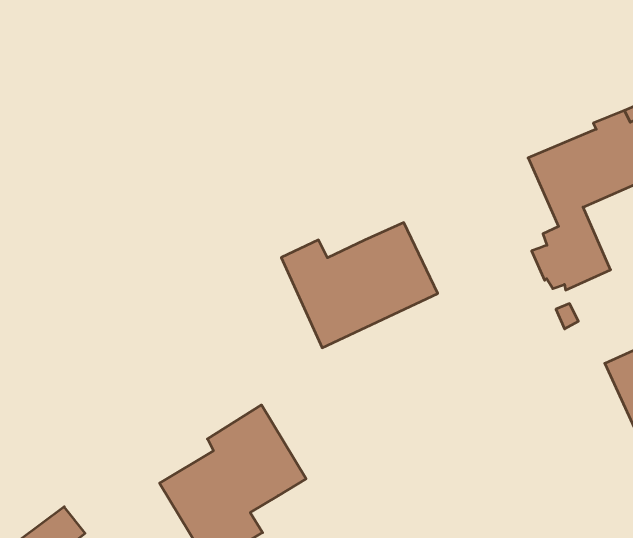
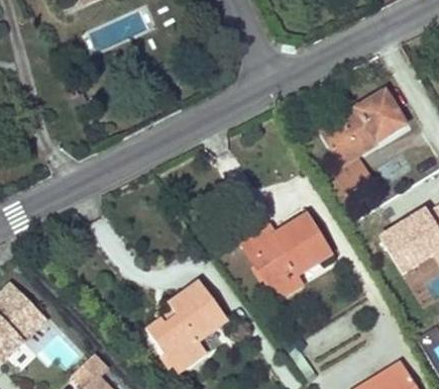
building: [281,223,438,348] -> [242,216,330,290]

